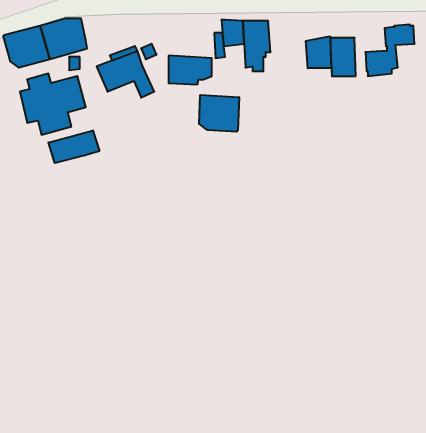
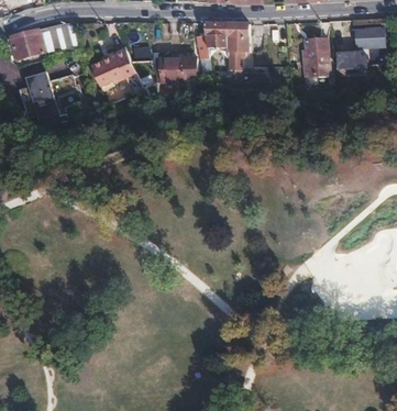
building: [306,36,331,68] -> none
building: [199,95,239,132] -> none
building: [48,130,99,163] -> none

